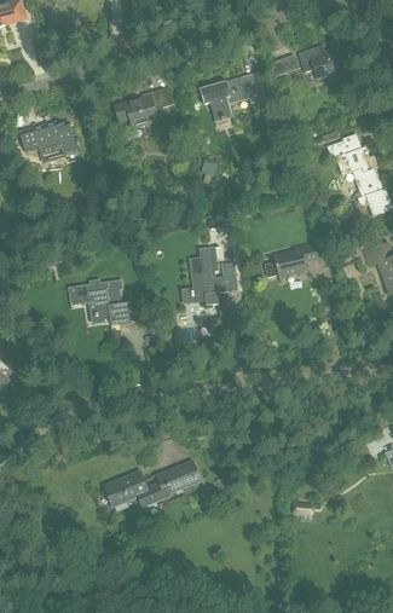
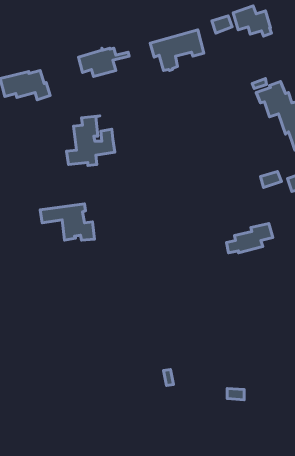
building: [264,241,319,276] -> [226,223,273,253]
building: [180,245,238,305] -> [66,116,115,165]
building: [104,459,200,507] -> none

